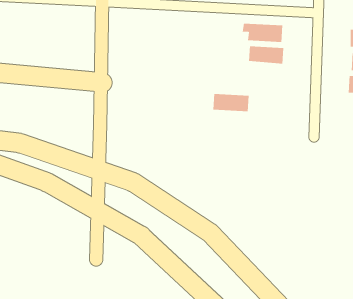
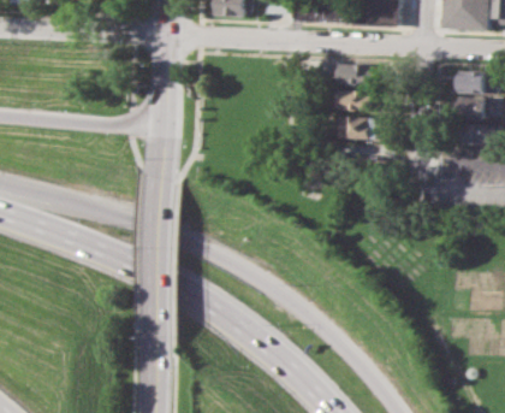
building: [212,93,249,112] -> [333,117,376,138]

